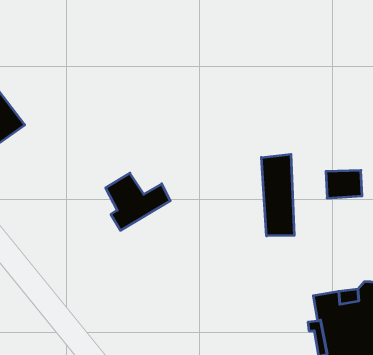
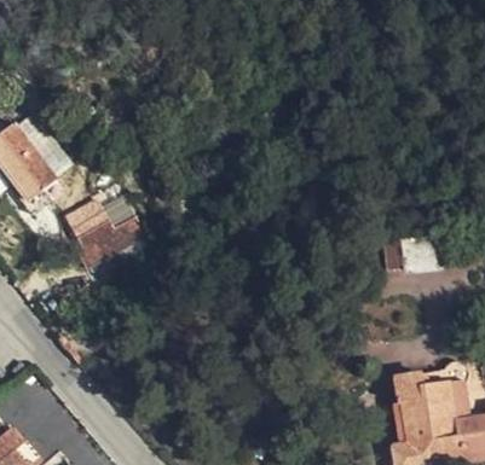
building: [261,154,294,236] -> none
building: [106,173,170,230] -> [73,203,146,268]

